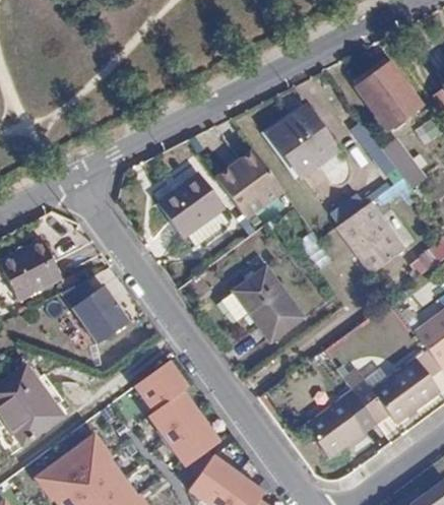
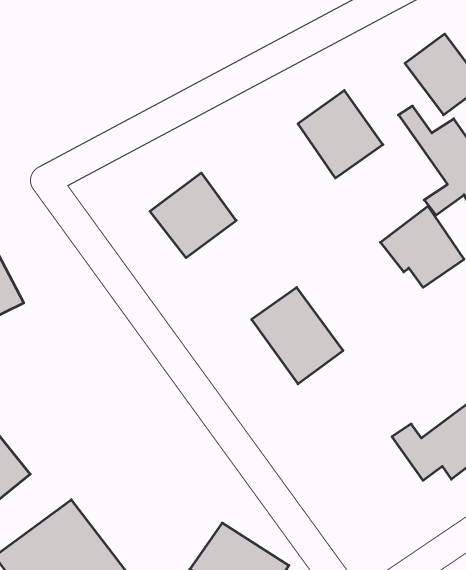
building: [217,151,291,226] -> none
building: [61,277,126,341] -> none
building: [133,358,219,464] -> none
building: [307,394,378,461] -> none

